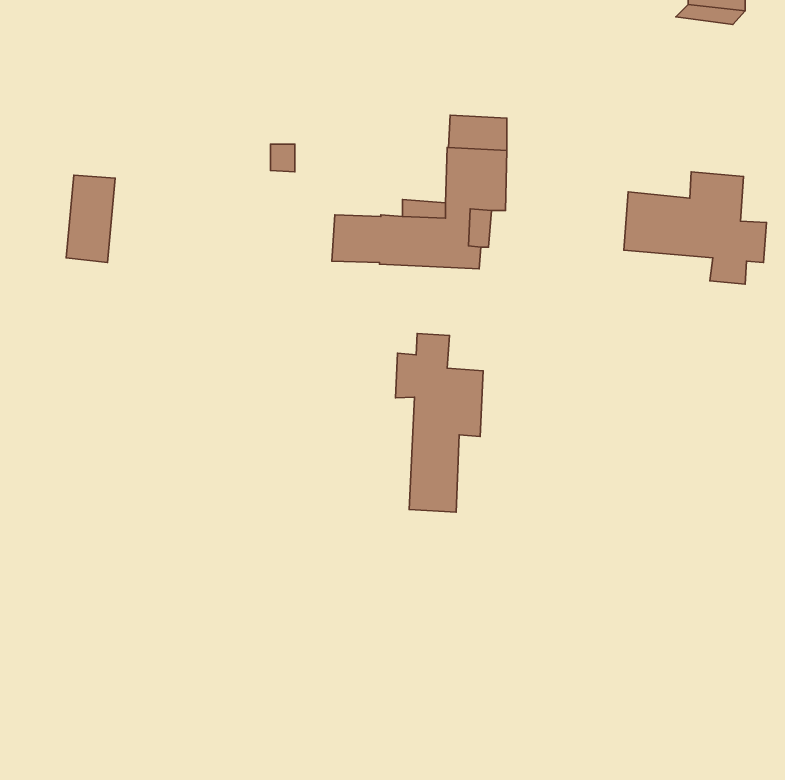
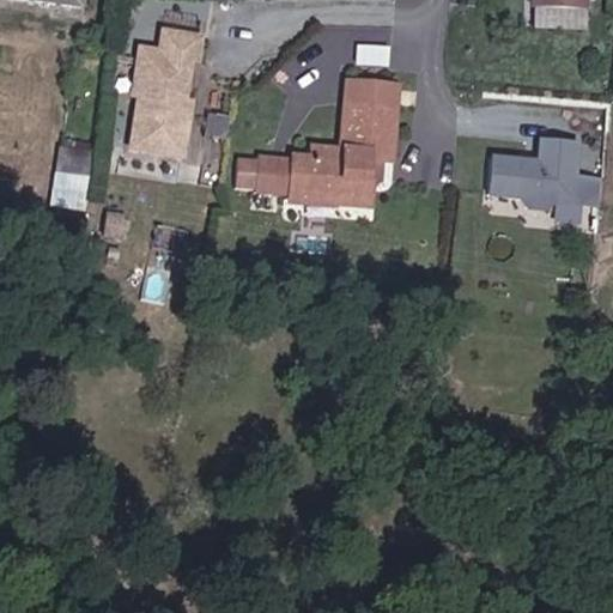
building: none -> [129,23,205,157]
building: [396,333,483,512] -> none

